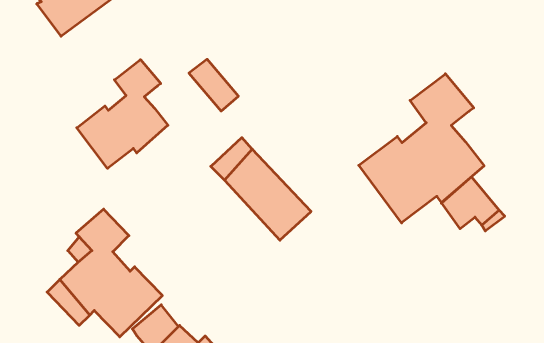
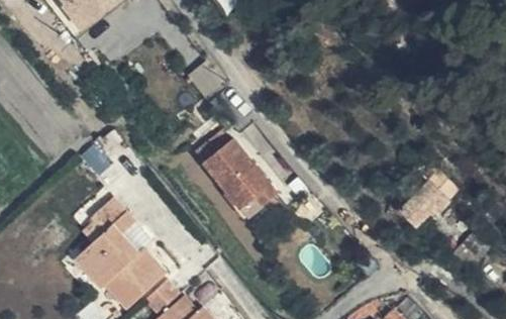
building: [77,60,168,168] -> none
building: [359,74,484,223] -> none

